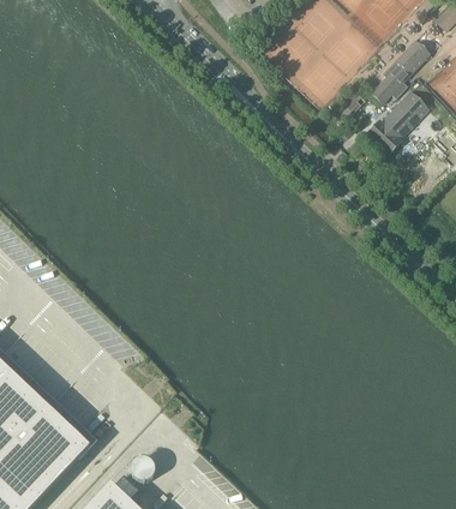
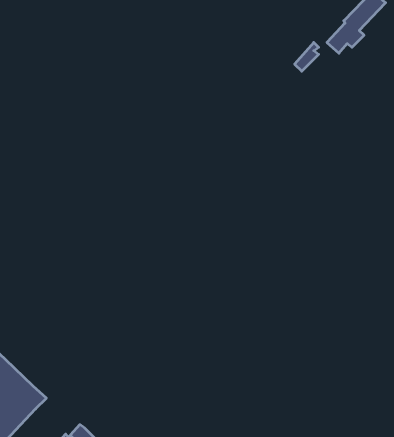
building: [366,90,428,155] -> none

